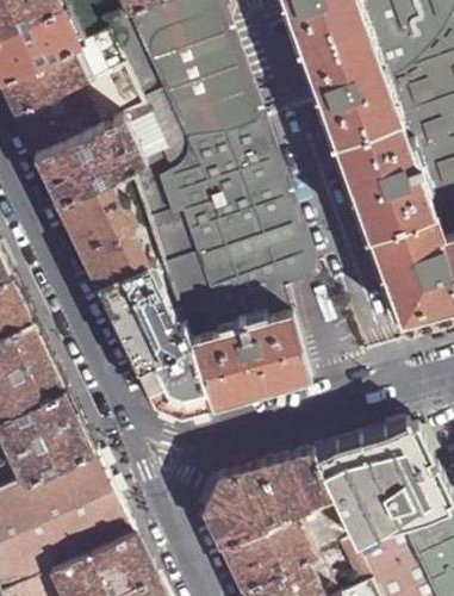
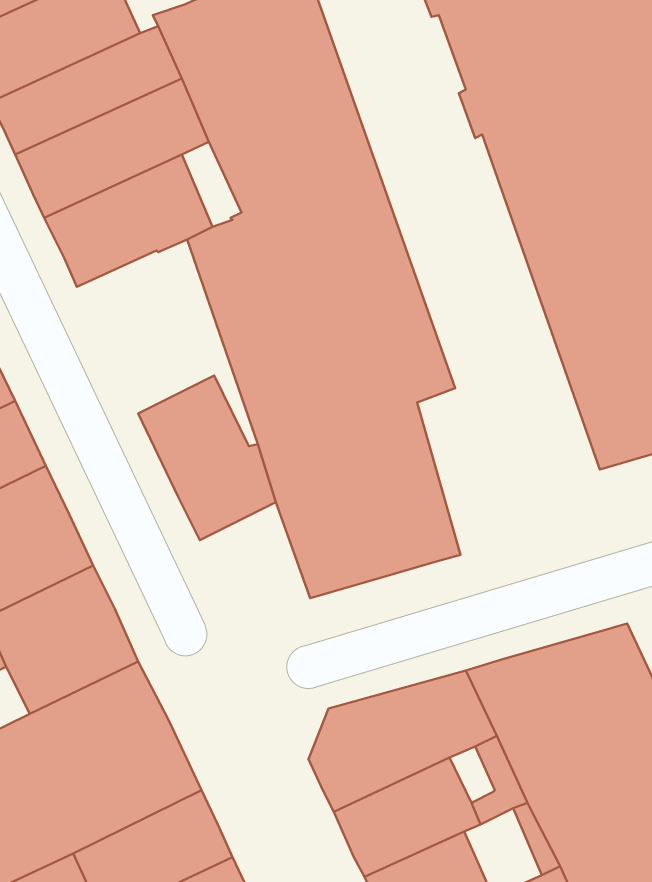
building: [54,176,144,284] -> none
building: [135,342,207,415] -> none

